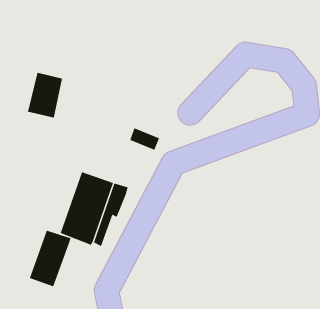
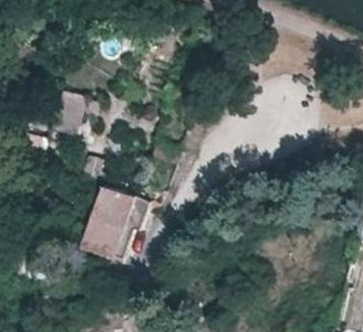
building: [29,230,71,287] -> none

